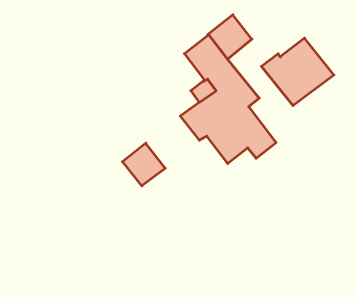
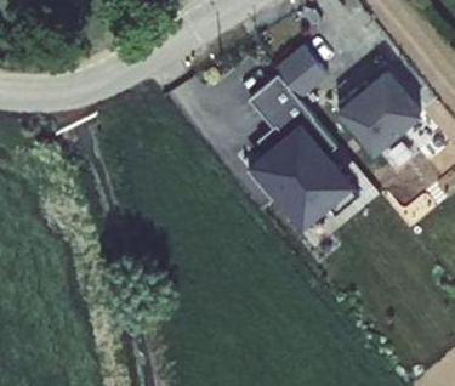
building: [122,143,165,186] -> none

